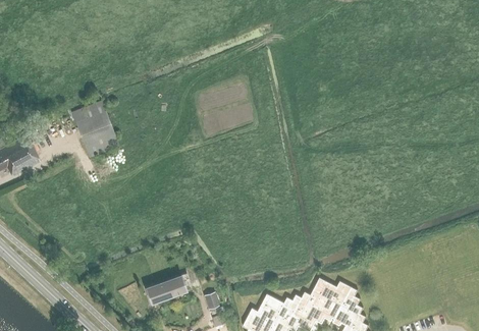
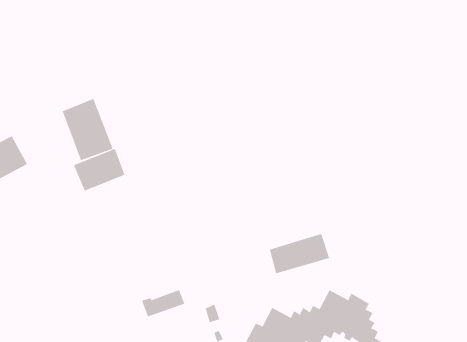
building: none -> [73,148,125,192]
building: none -> [269,233,330,274]

